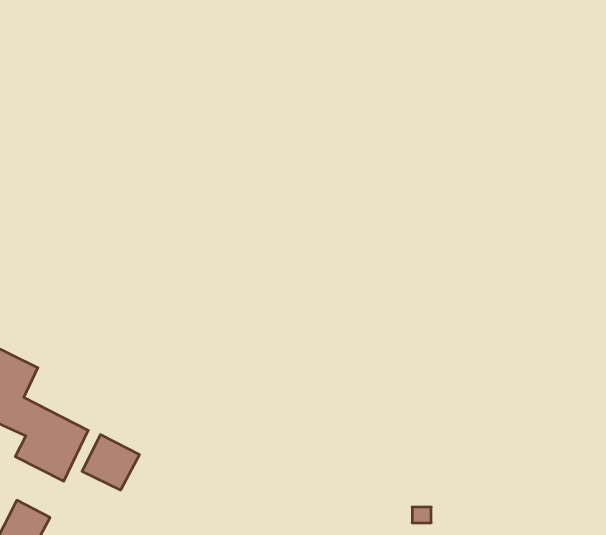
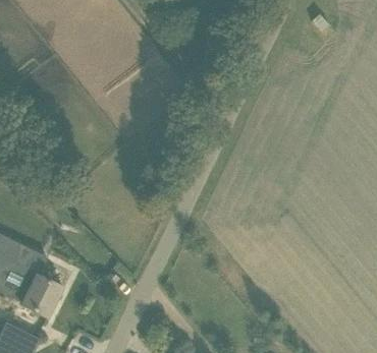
building: [82,435,139,490] -> none

